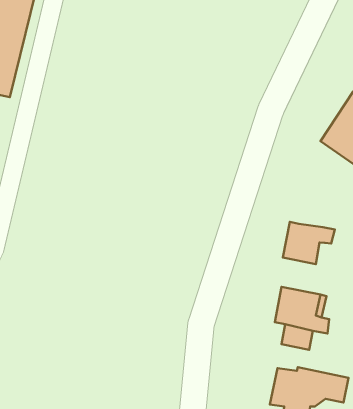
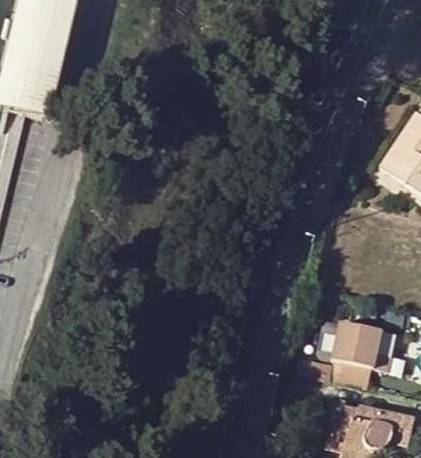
building: [283,222,335,264] -> none

